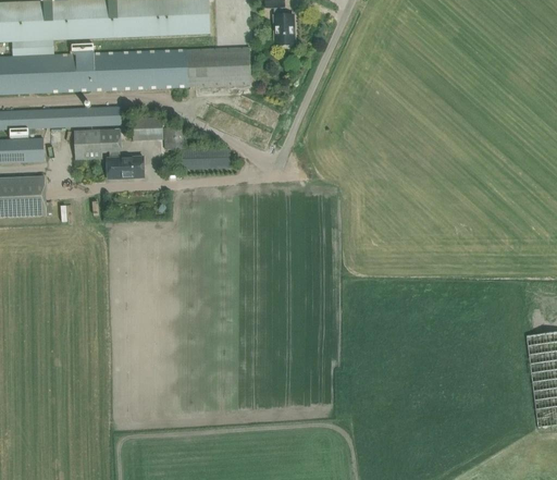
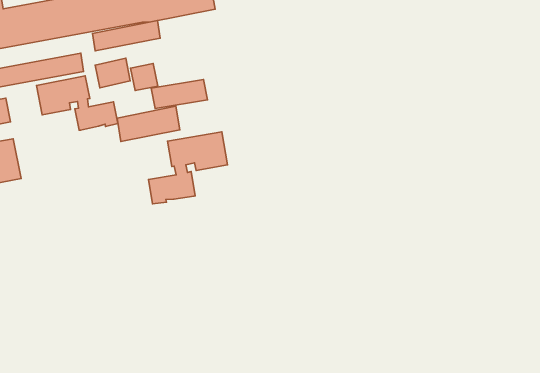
building: none -> [93,21,160,51]
building: none -> [117,106,180,141]
building: none -> [149,132,228,204]

